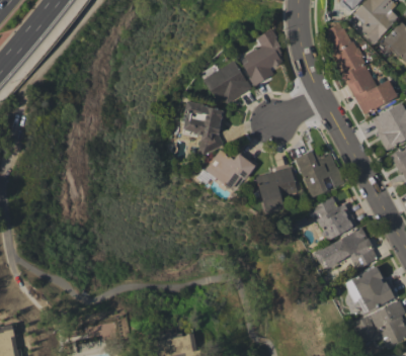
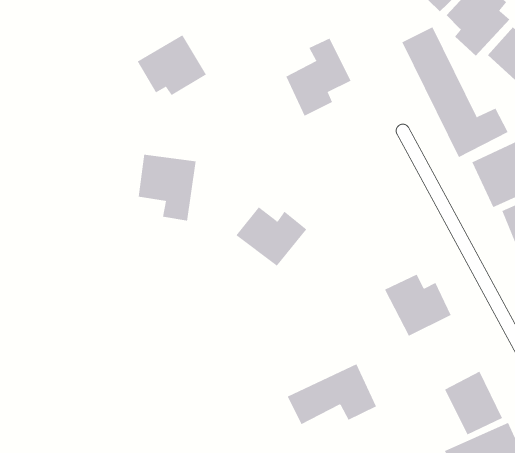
building: [202,60,252,103] -> [137,35,207,96]
building: [182,102,224,150] -> [138,154,196,221]
building: [295,149,344,197] -> none
building: [256,167,298,213] -> none
building: [314,228,378,271] -> [287,363,377,425]

